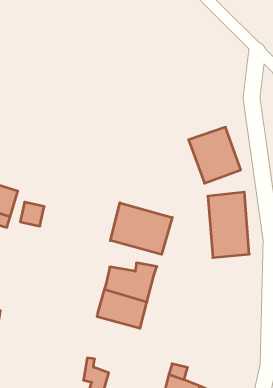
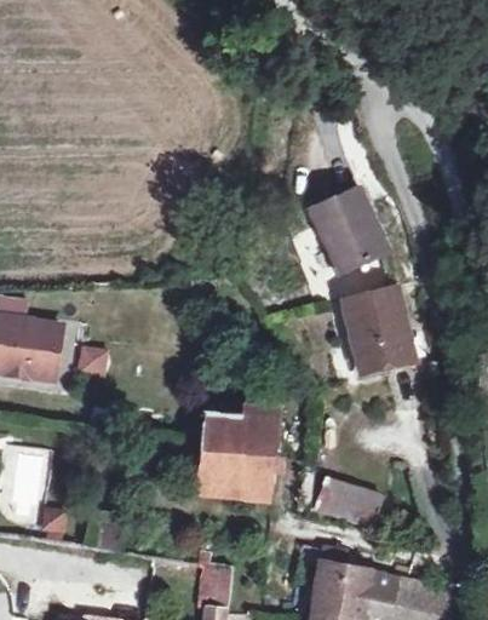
building: [110,203,172,254] -> none
building: none -> [310,480,378,526]

